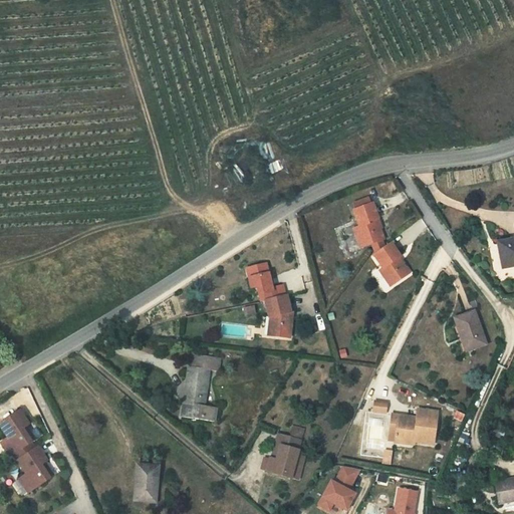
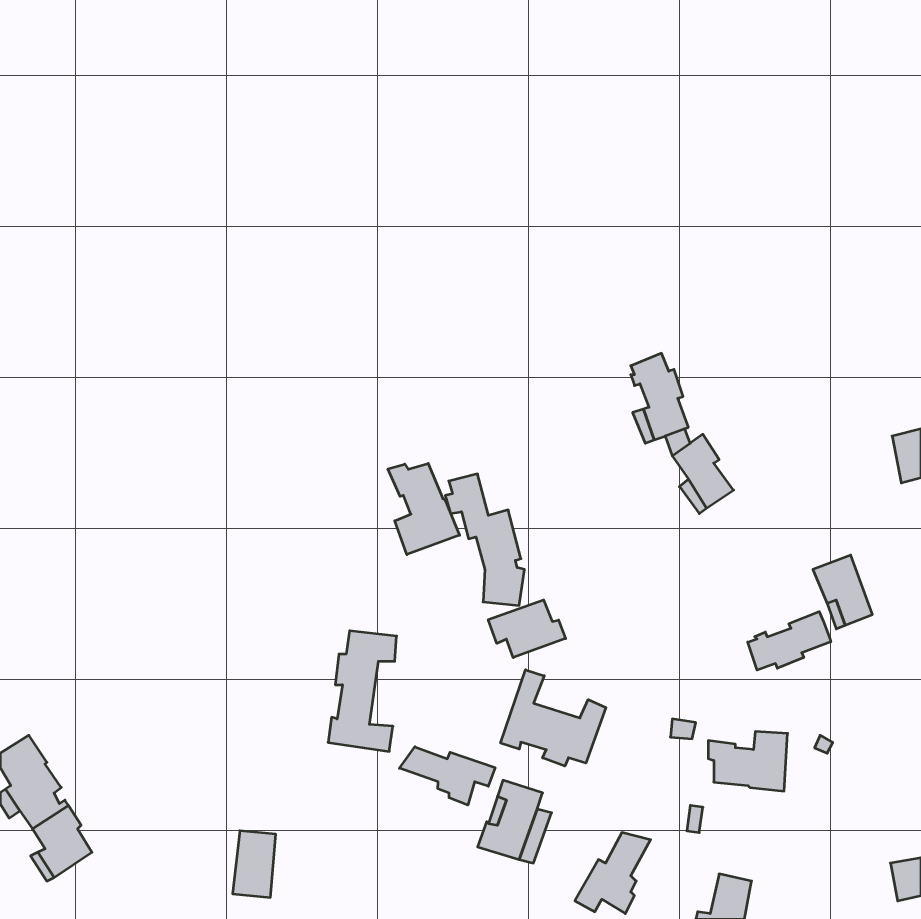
building: none -> [388,463,460,555]
building: none -> [488,600,566,658]
building: none -> [748,612,831,670]
building: none -> [501,670,606,766]
building: none -> [399,747,495,805]

